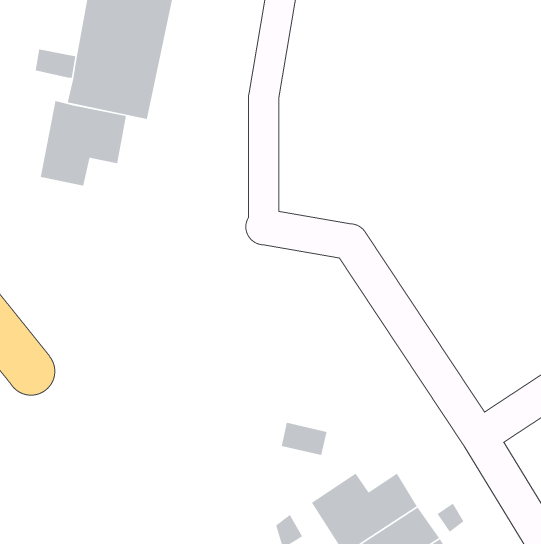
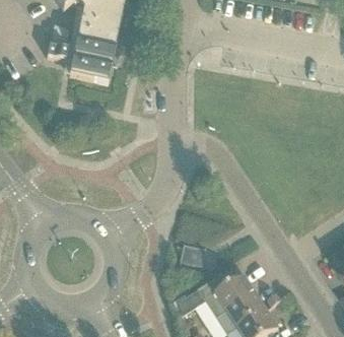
building: [40,100,127,187] -> none

